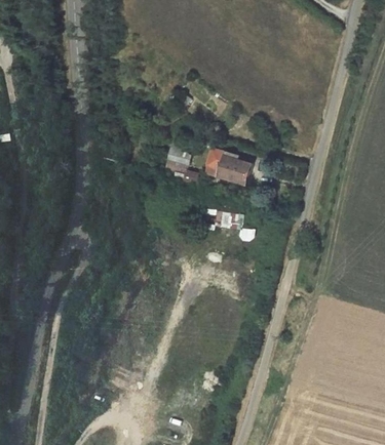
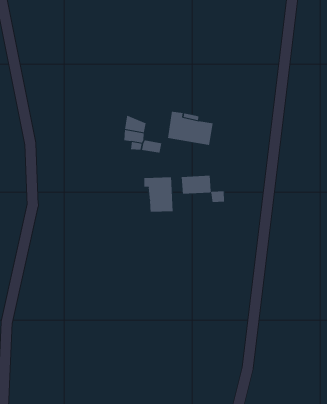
building: none -> [144,177,173,213]

